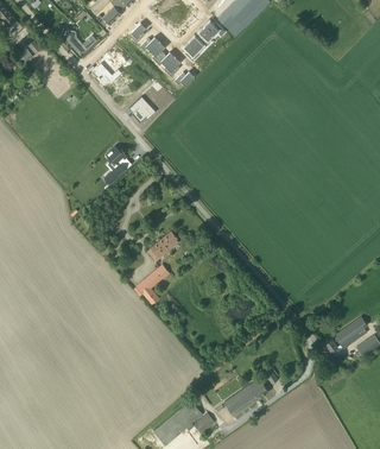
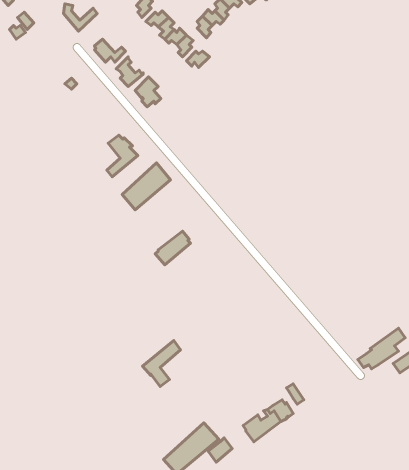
building: none -> [122,163,171,210]
building: [135,264,169,304] -> [143,340,180,386]

